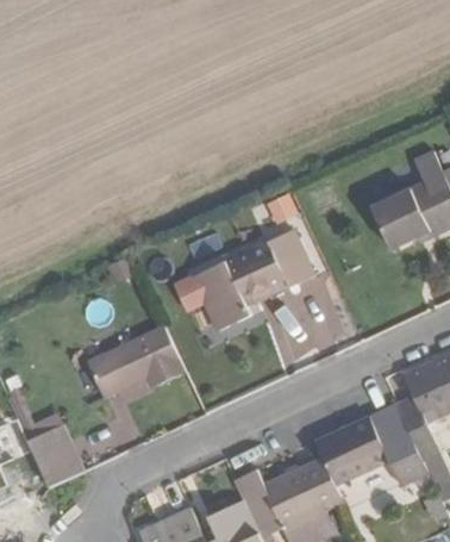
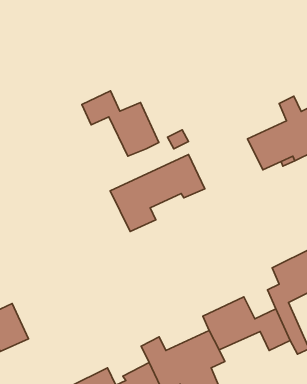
building: none -> [82,91,159,156]
building: [87,328,183,397] -> none

